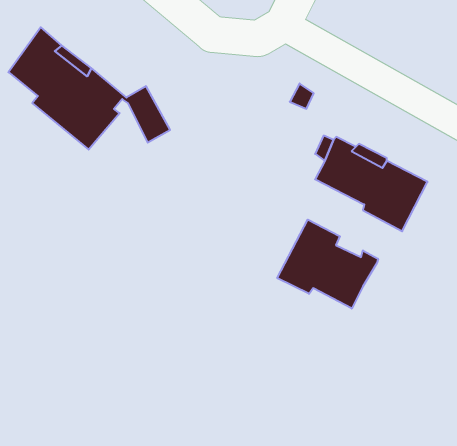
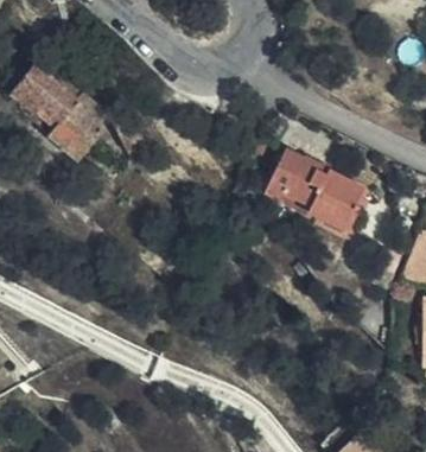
building: [277,220,378,309] -> none

